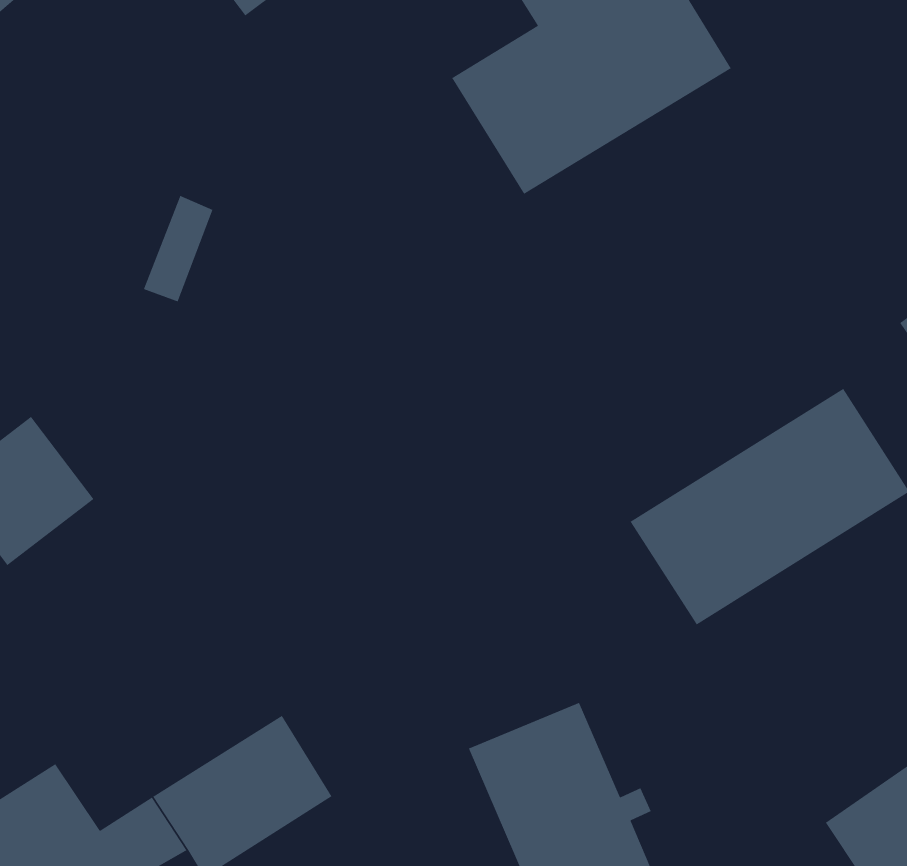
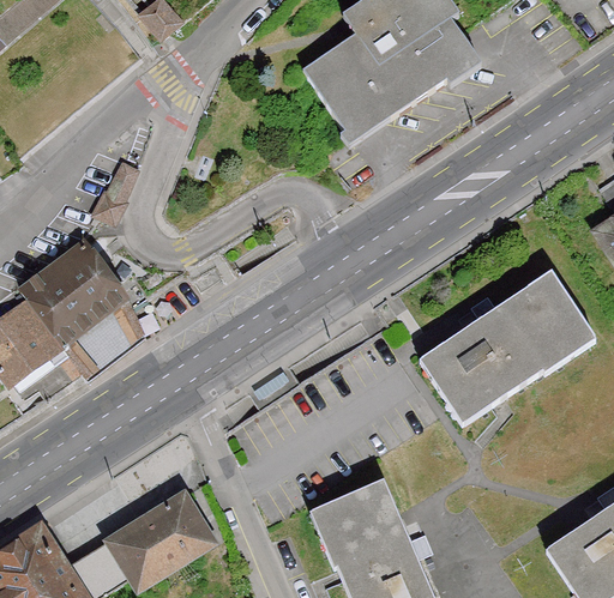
building: none -> [20,231,137,346]

